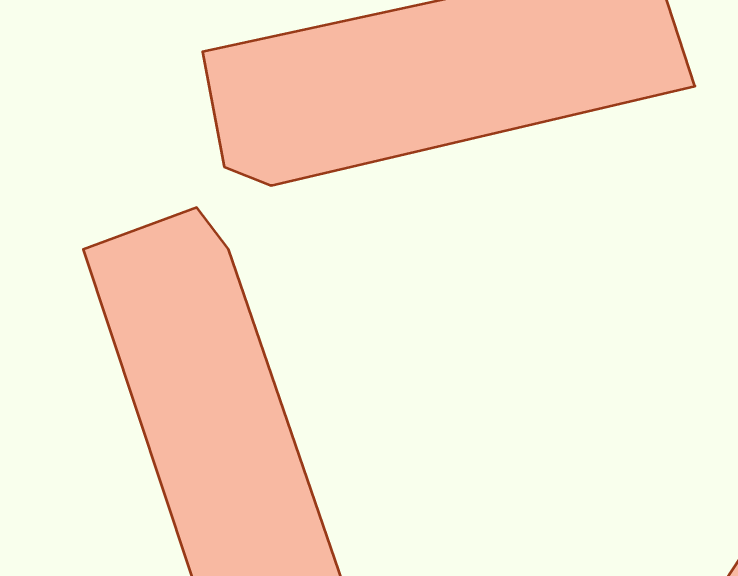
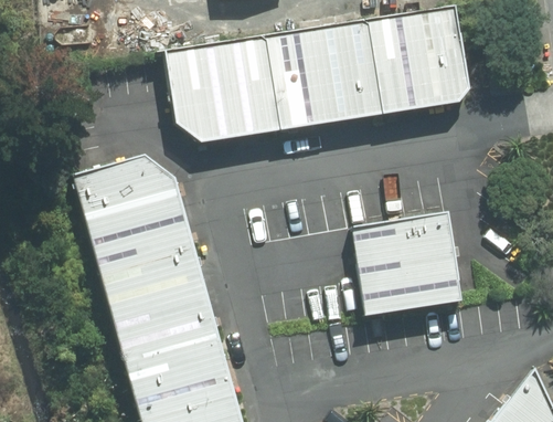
building: none -> [352,212,466,318]

